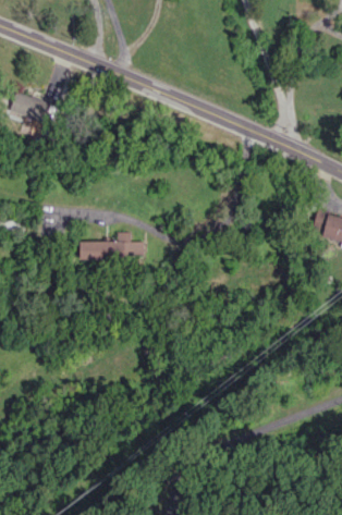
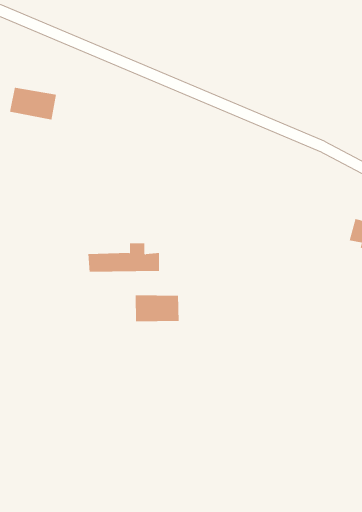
building: none -> [135,295,179,322]

